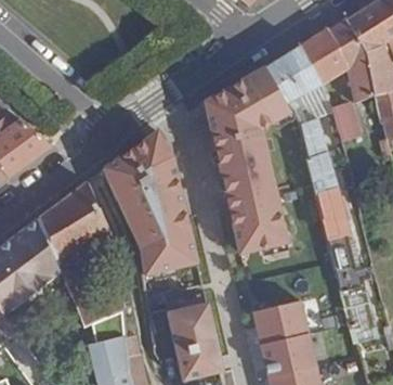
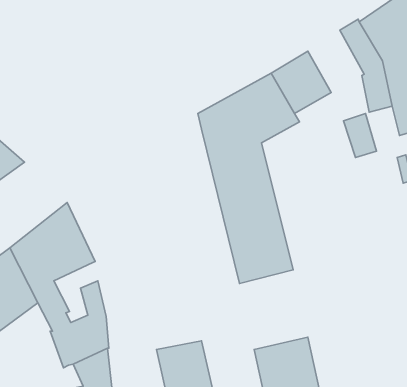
building: [301,28,351,84] -> none
building: [299,119,353,285] -> none
building: [104,131,197,272] -> none

